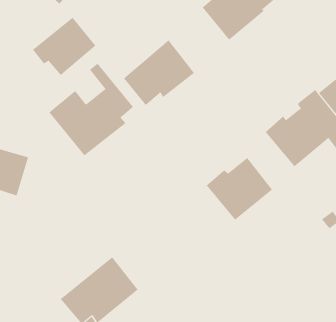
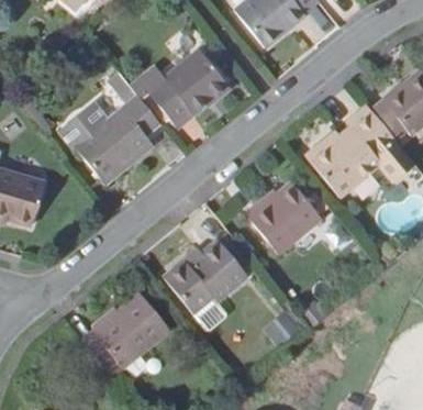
building: [32,17,96,76] -> none
building: none -> [167,246,253,321]

